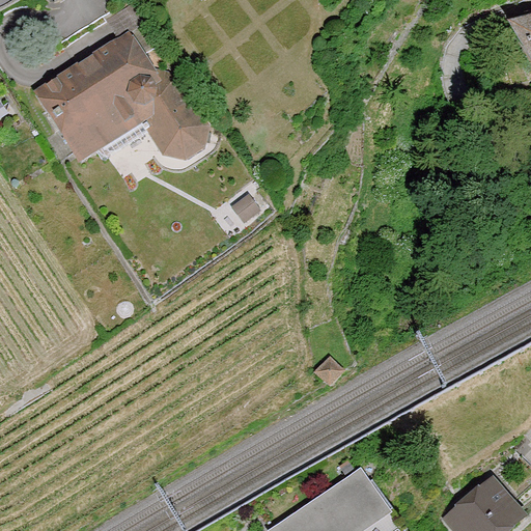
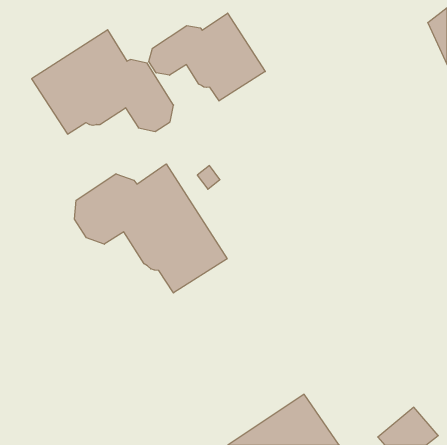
building: none -> [149,13,265,101]
building: none -> [74,164,227,293]

